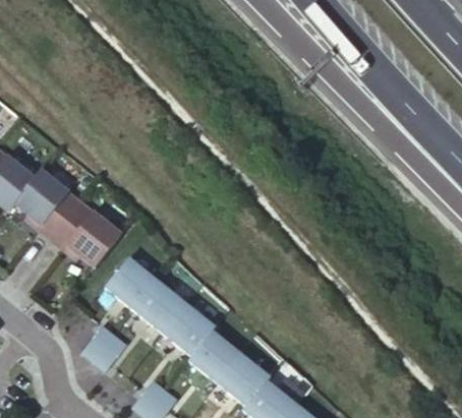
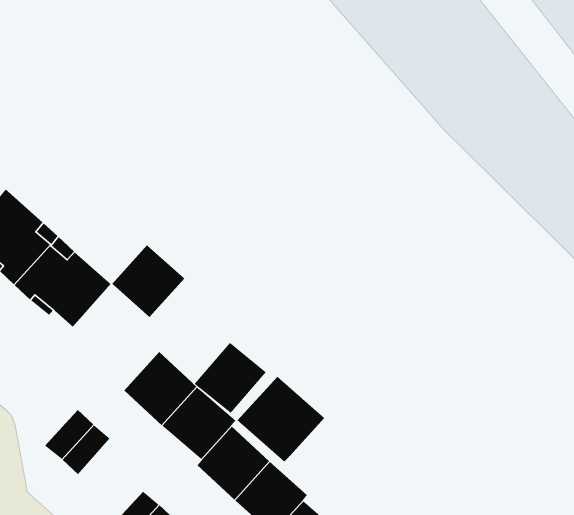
building: [104,256,156,308] -> [112,245,185,318]
building: none -> [194,342,267,414]
building: none -> [237,376,325,463]

